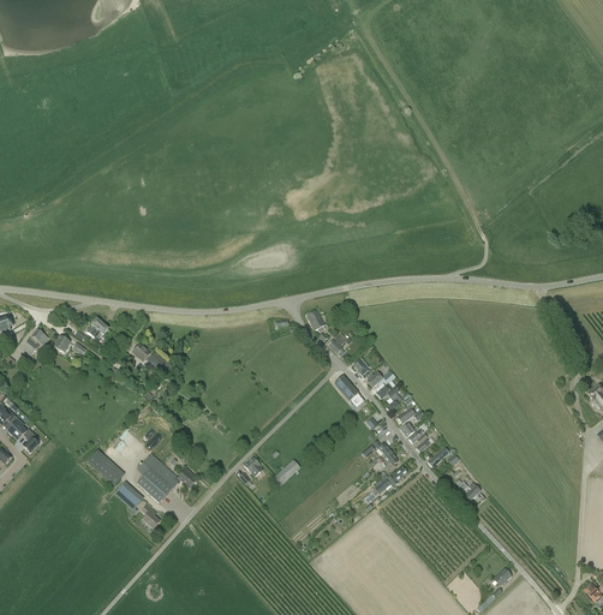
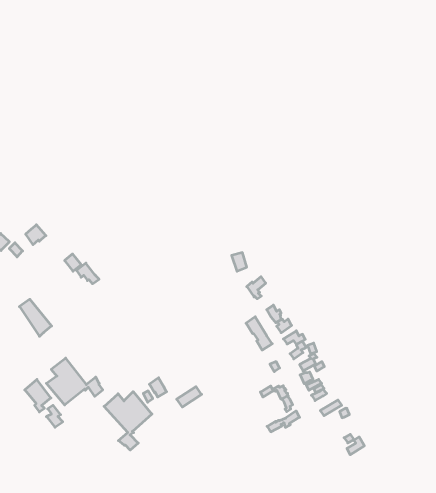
building: [88,448,125,485] -> [19,299,52,336]
building: none -> [104,392,152,450]

